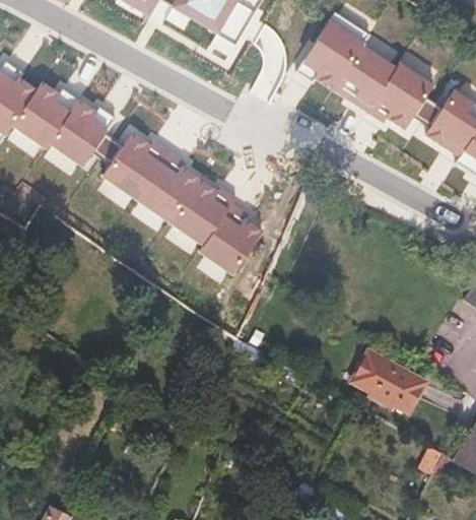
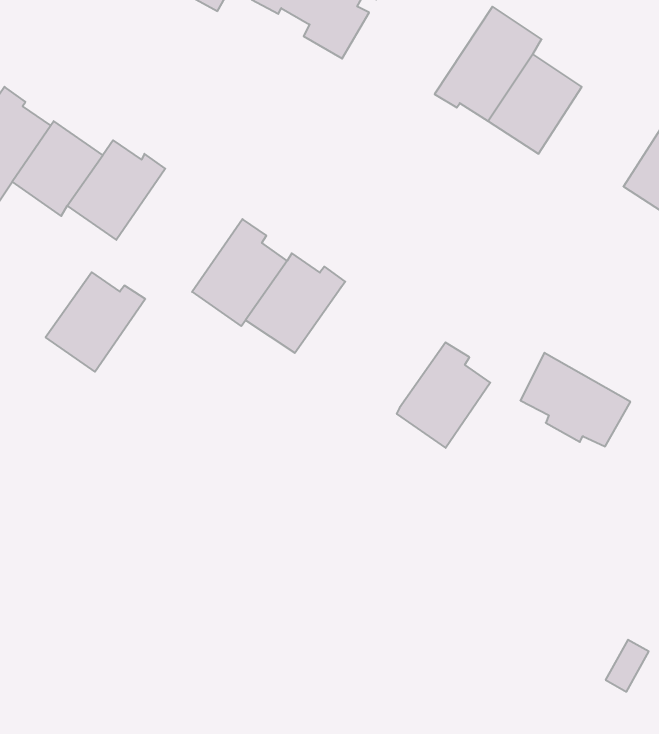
building: [369,59,436,128] -> none
building: [99,135,167,203] -> [46,272,145,372]
building: [201,200,265,272] -> [397,342,490,448]
building: [353,344,428,408] -> [520,353,630,446]

